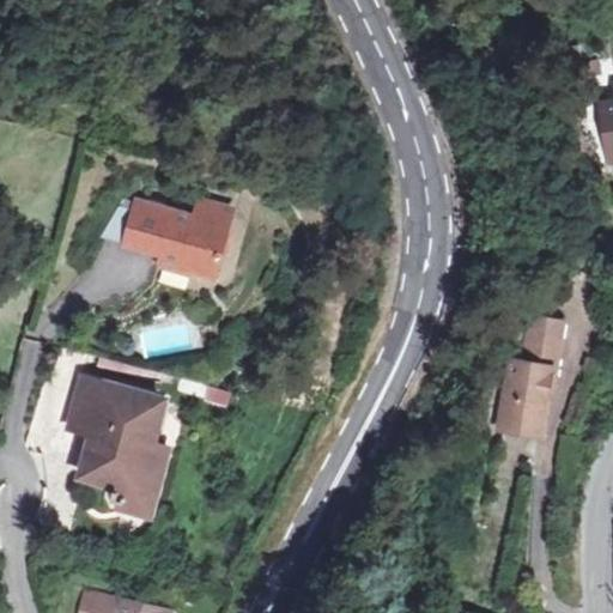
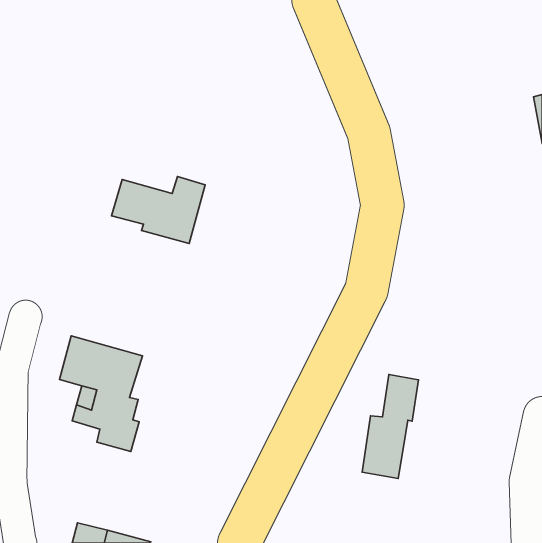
building: [502,316,565,433] -> [362,374,418,479]

